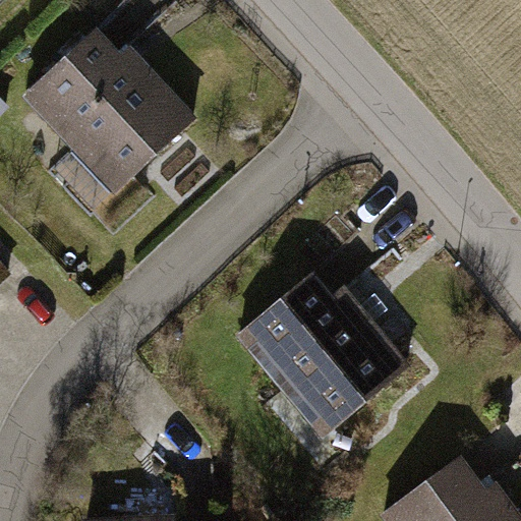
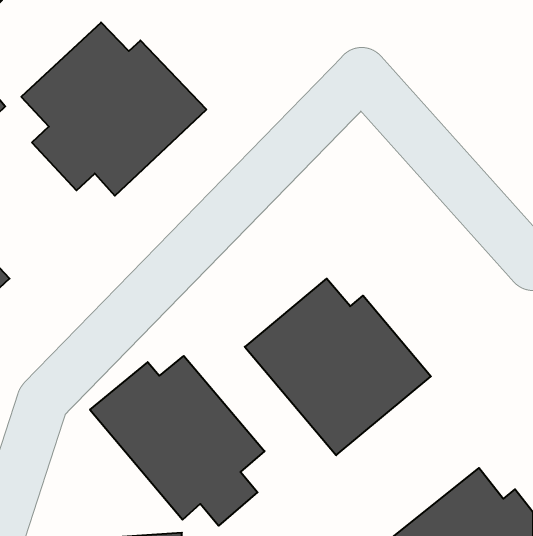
building: none -> [90,356,265,526]

